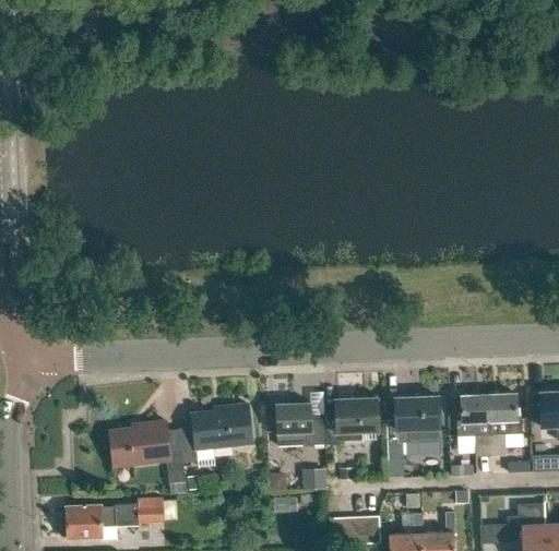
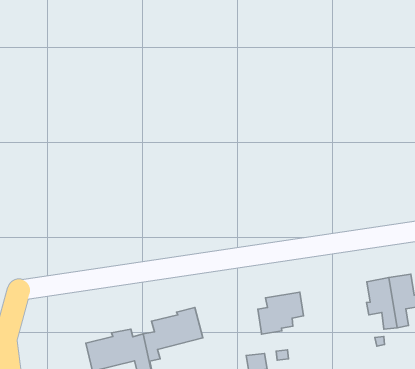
building: [386,396,440,459] -> none
building: [277,400,325,445] -> none

